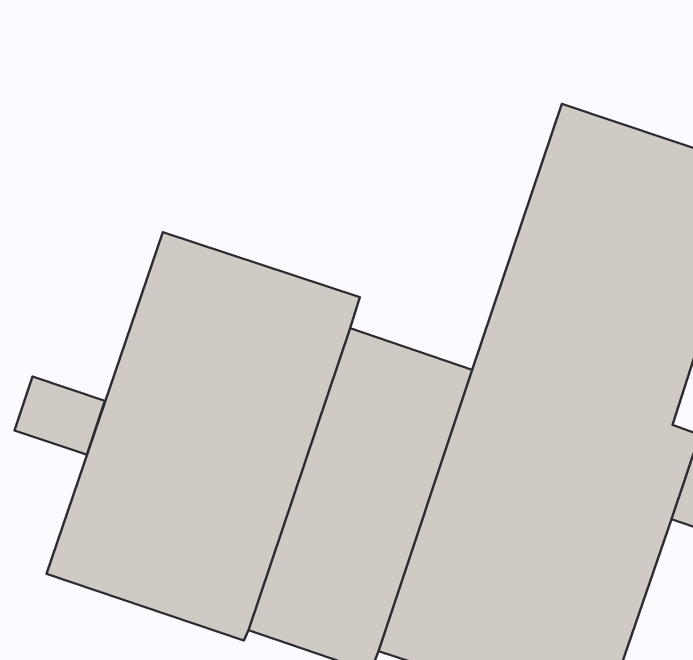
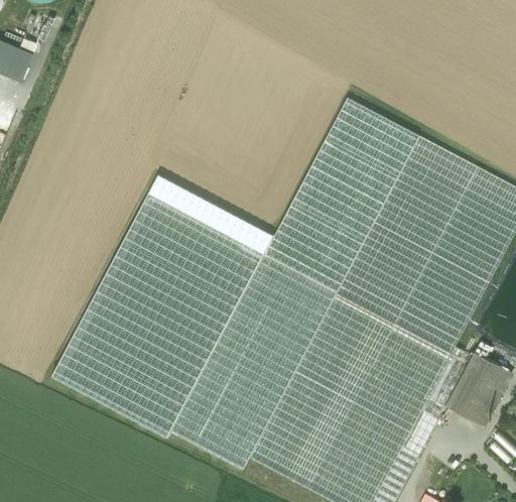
building: none -> [265,97,419,291]
building: [15,376,105,455] -> none

